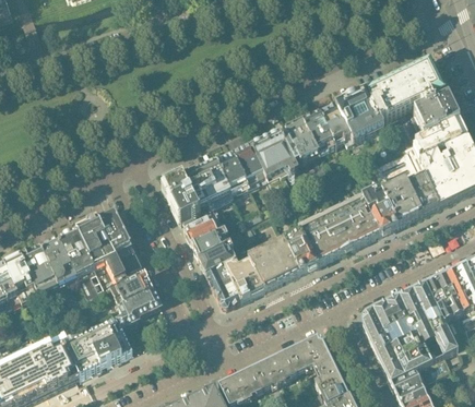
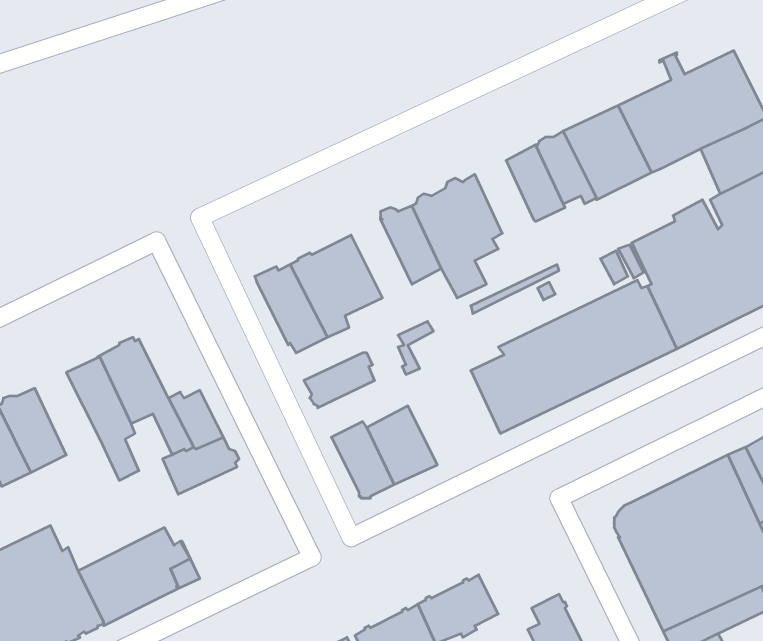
building: [285,118,318,159] -> none
building: [216,152,250,195] -> none
building: [98,210,132,251] -> none
building: [183,212,223,241] -> none
building: [247,232,299,288] -> none
building: [40,236,76,283] -> none
building: [198,241,238,273] -> none
building: [116,289,161,326] -> none
building: [287,335,332,371] -> none

